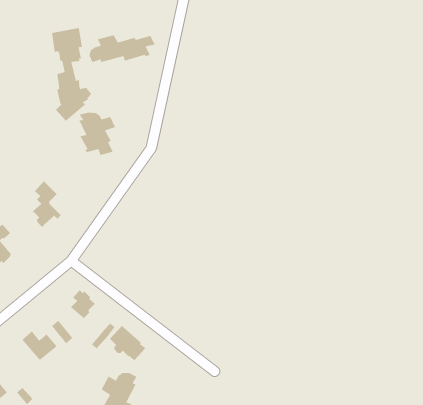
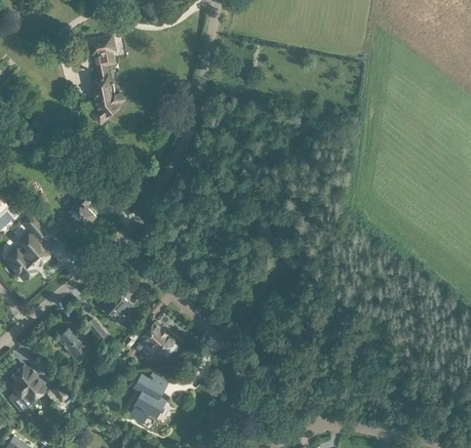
building: [89,34,156,63] -> none
building: [79,112,116,156] -> none

